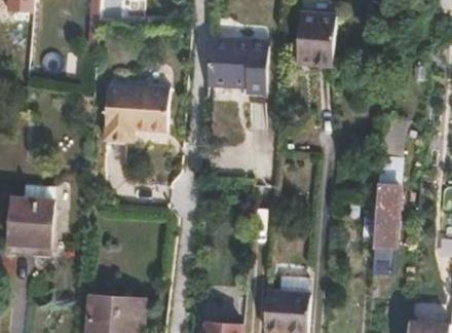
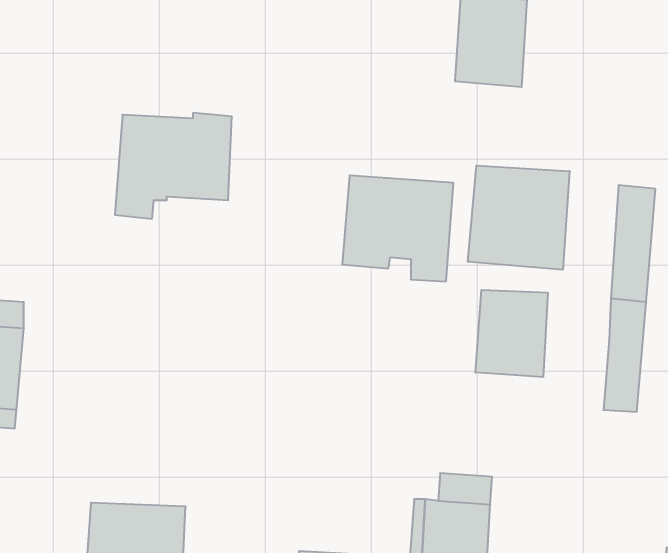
building: [206,37,268,96] -> [342,175,453,281]
building: none -> [468,165,570,270]
building: none -> [475,290,548,377]

